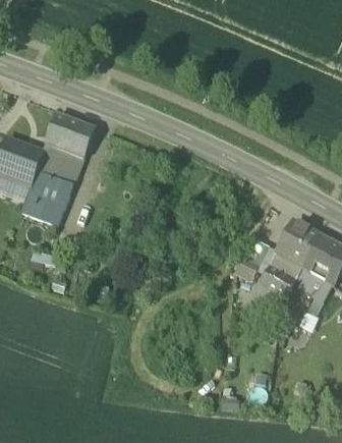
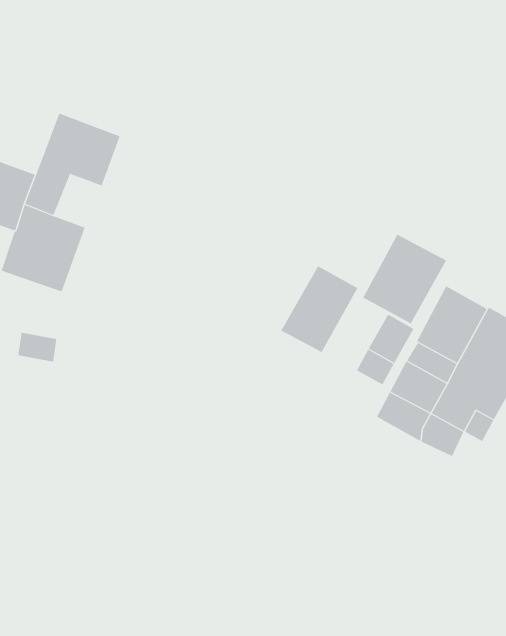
building: [54,151,83,183] -> none
building: none -> [362,234,447,325]
building: none -> [281,265,358,353]

